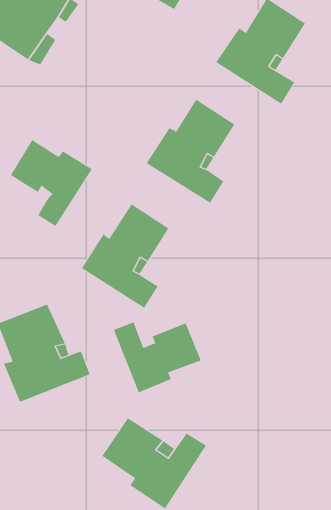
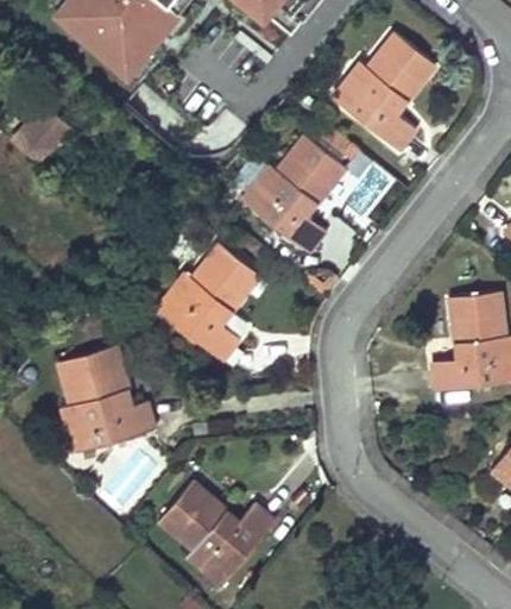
building: [10,139,93,227] -> none
building: [113,321,201,393] -> none

